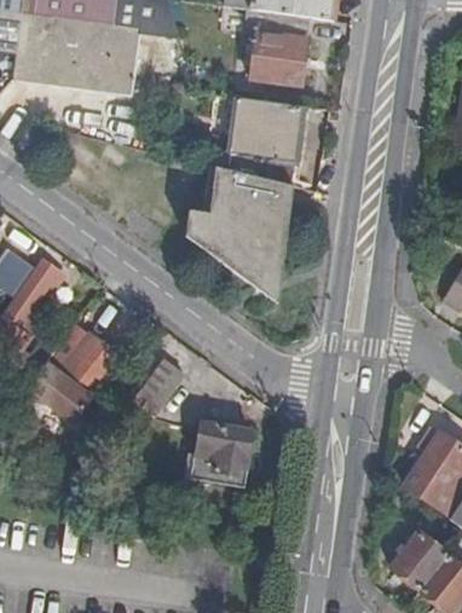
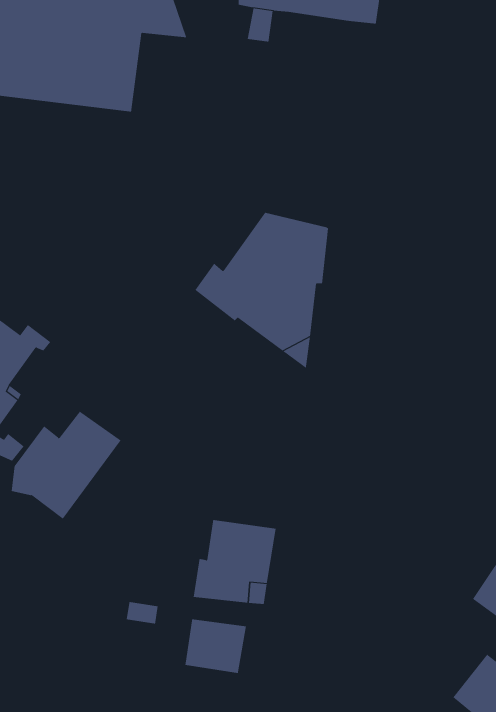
building: [252,11,307,83] -> none
building: [223,97,300,185] -> none
building: [132,360,183,416] -> none
building: none -> [185,619,246,674]

